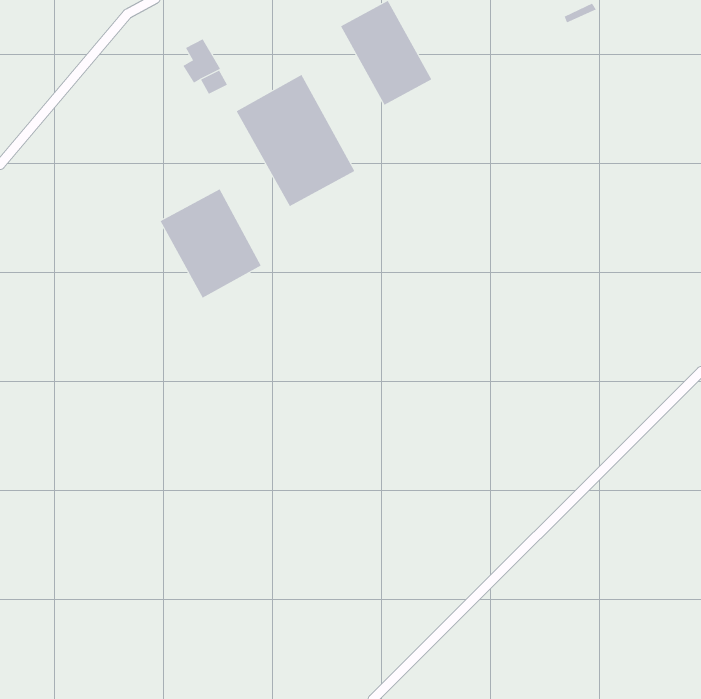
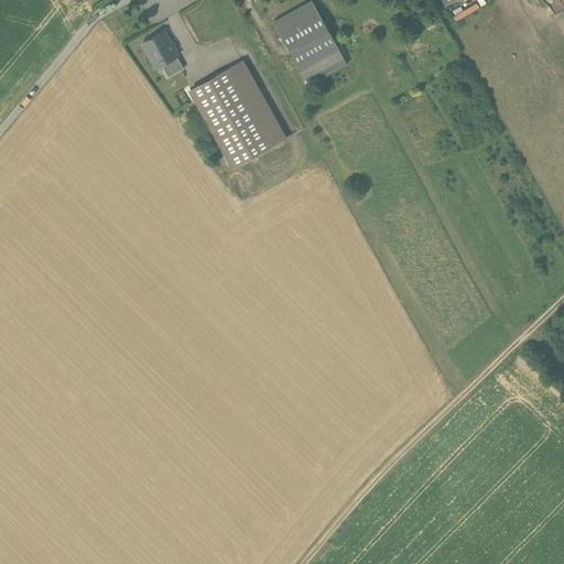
building: [160,189,261,298] -> none

